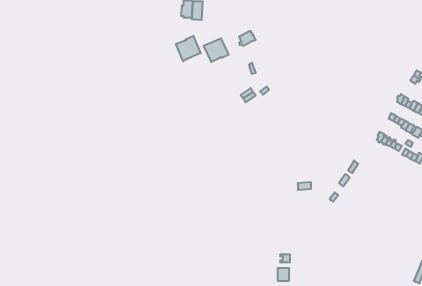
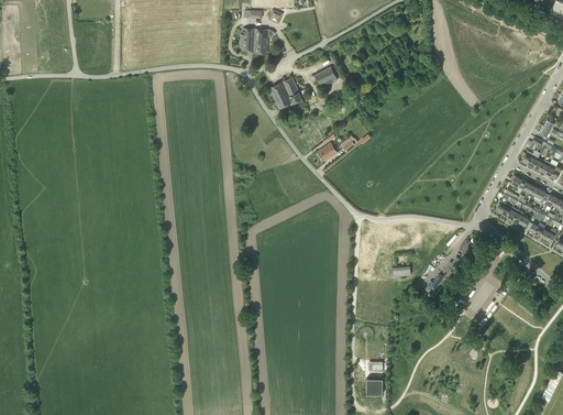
building: [176,36,201,61] -> none

